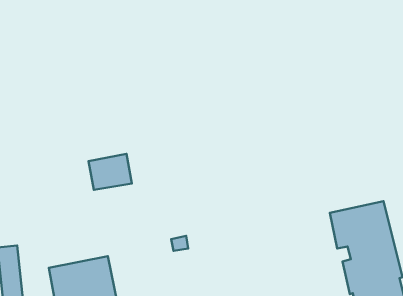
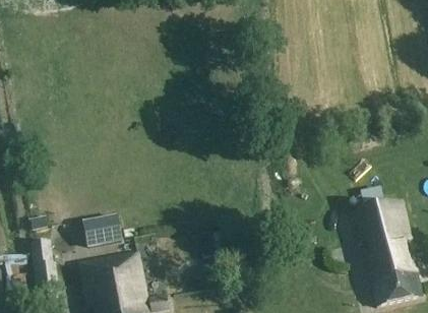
building: [89,154,132,190] -> [74,212,116,247]

